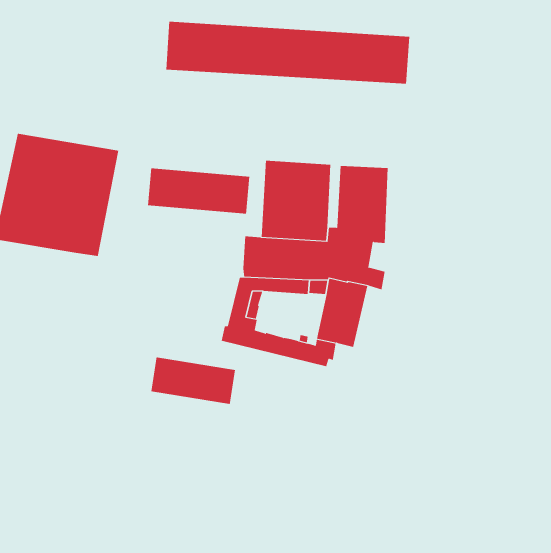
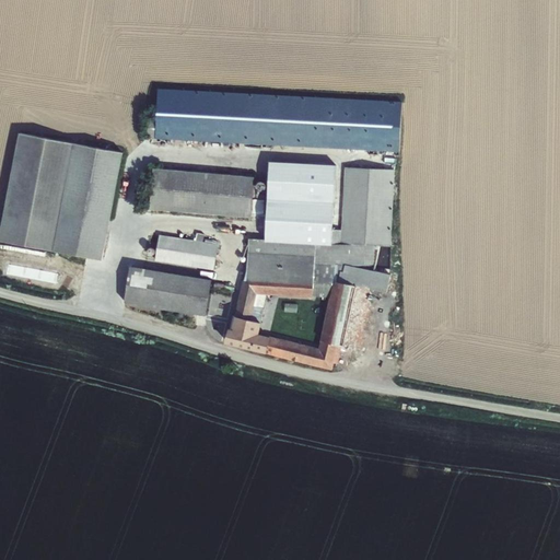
building: [165,21,410,84] -> [154,89,401,152]
building: none -> [153,233,215,269]
building: [150,357,236,404] -> [124,267,210,315]

